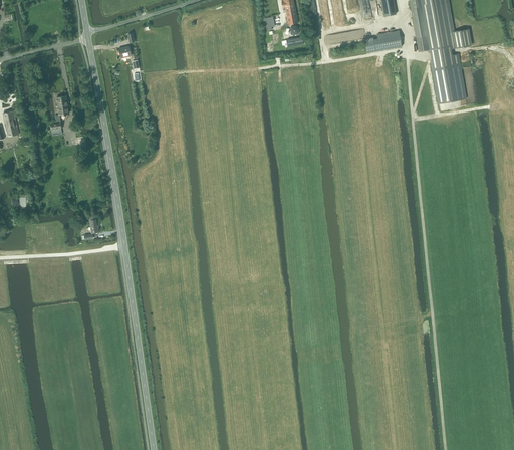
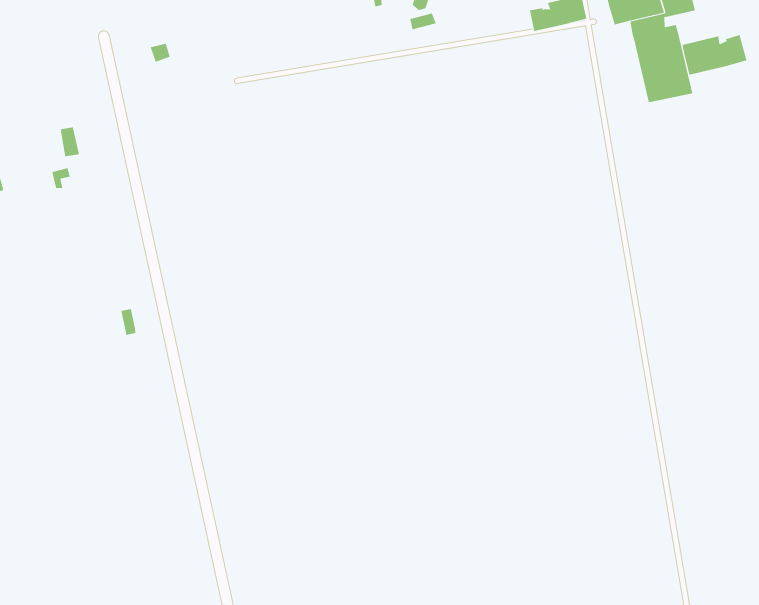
building: none -> [682,34,747,76]

